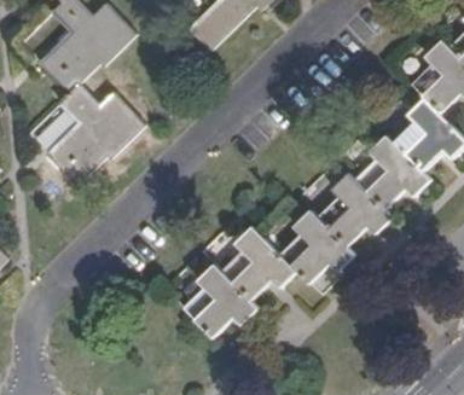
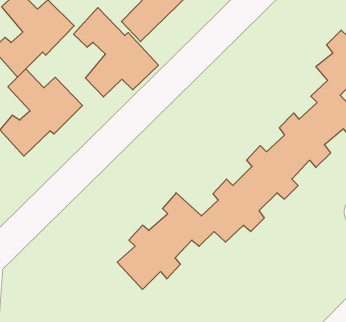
building: none -> [74,8,158,97]

